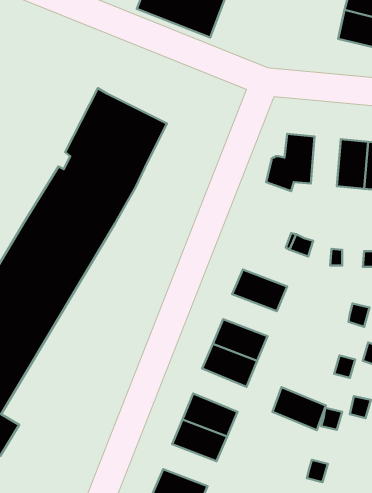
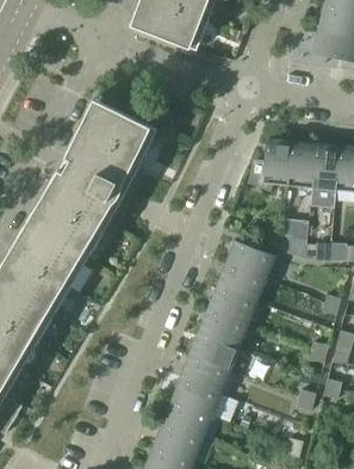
building: none -> [287,142,315,187]
building: none -> [225,240,274,279]
building: none -> [207,286,256,325]
building: [272,387,326,430] -> [180,354,229,394]
building: none -> [153,424,201,462]

